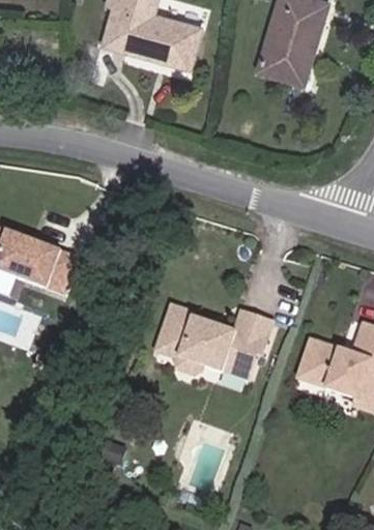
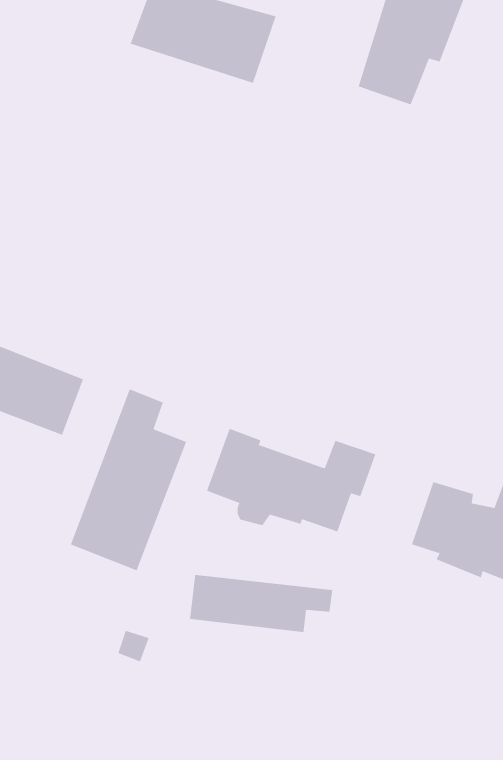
building: none -> [70,388,187,571]
building: none -> [189,574,333,633]

